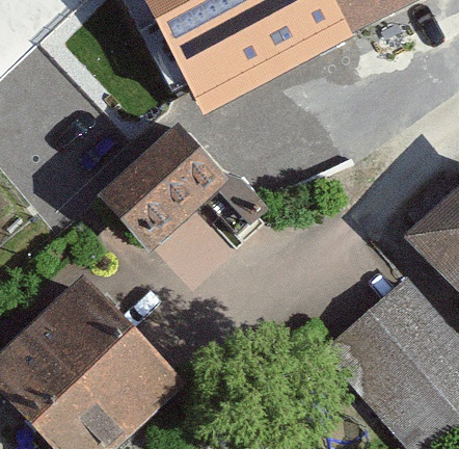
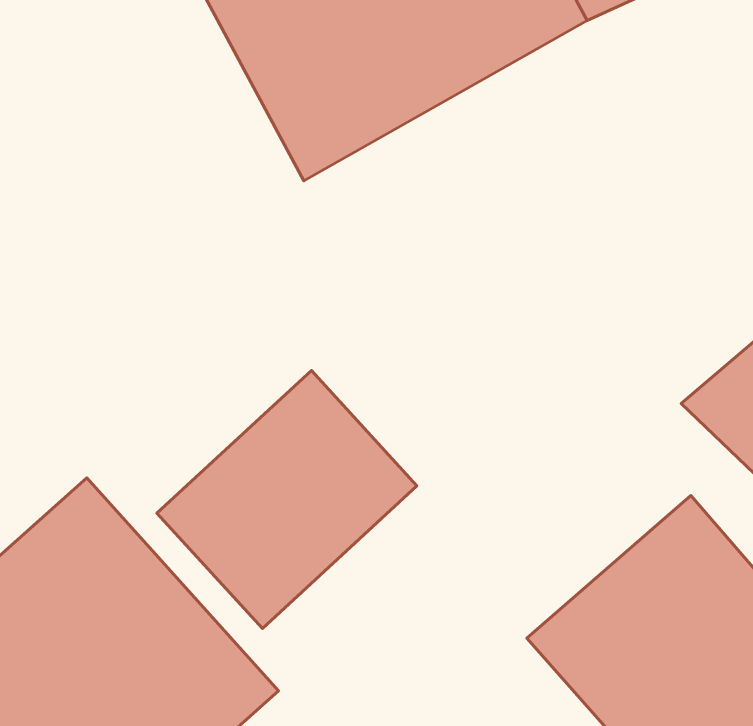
building: [100,116,238,254] -> [157,370,417,628]

